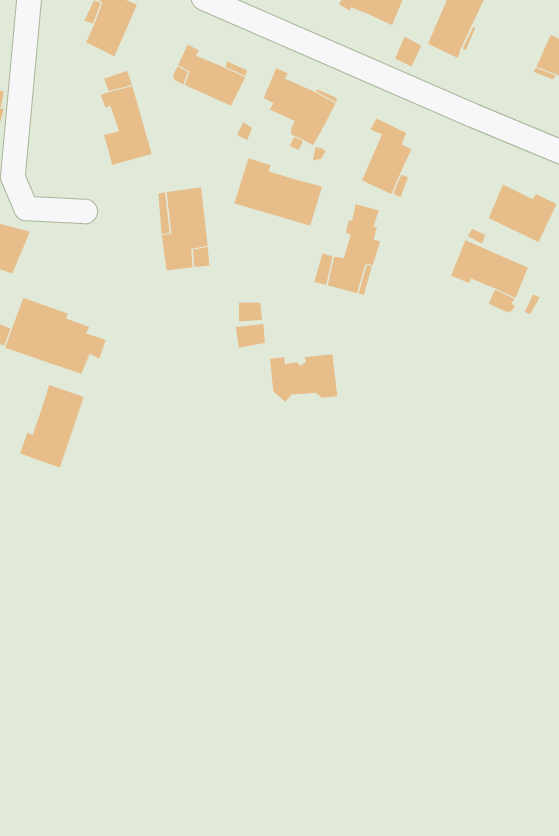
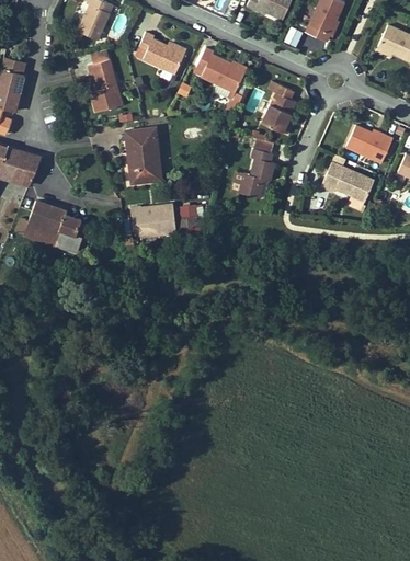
building: [233,158,323,226] -> none
building: [269,354,338,403] -> [130,204,176,237]
building: [19,384,84,469] -> none

